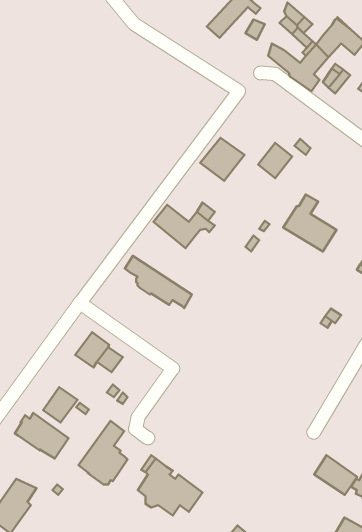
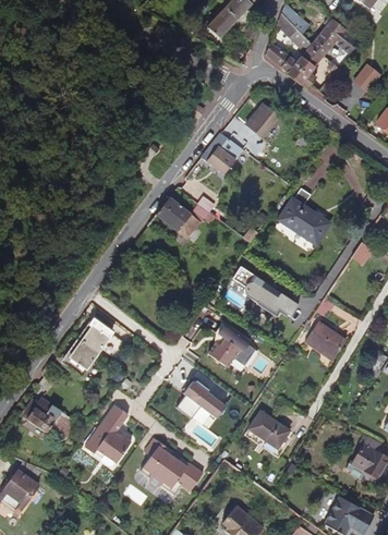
building: [258,143,292,178] -> [245,102,278,136]
building: [125,256,192,308] -> [233,265,298,315]
building: none -> [208,321,253,367]
building: none -> [304,321,347,361]
building: [43,387,77,423] -> [65,341,98,375]
building: none -> [177,380,227,420]
building: [314,455,357,495] -> [248,410,290,448]

